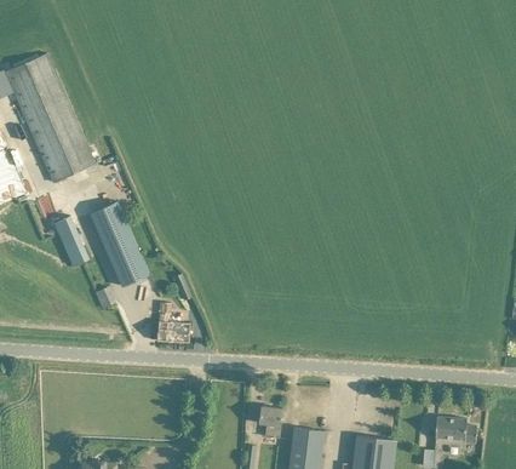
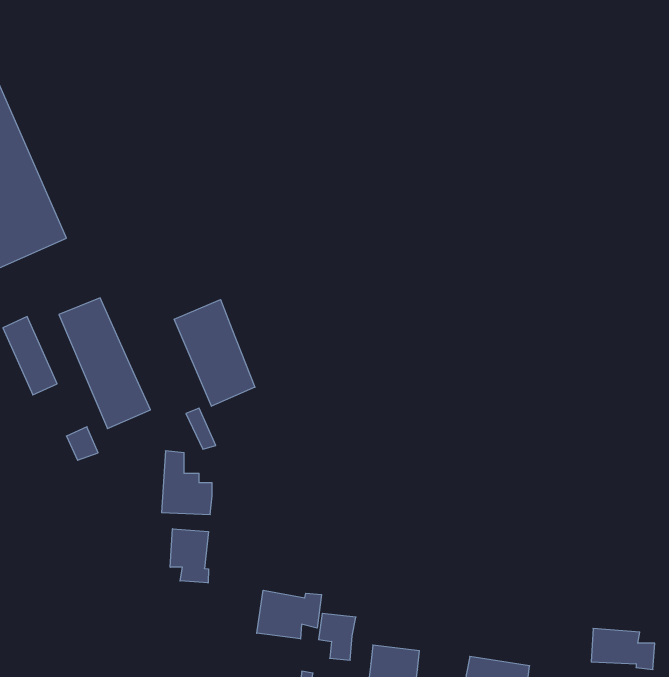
building: none -> [174,300,255,406]
building: none -> [170,529,208,583]
building: none -> [257,590,322,639]

